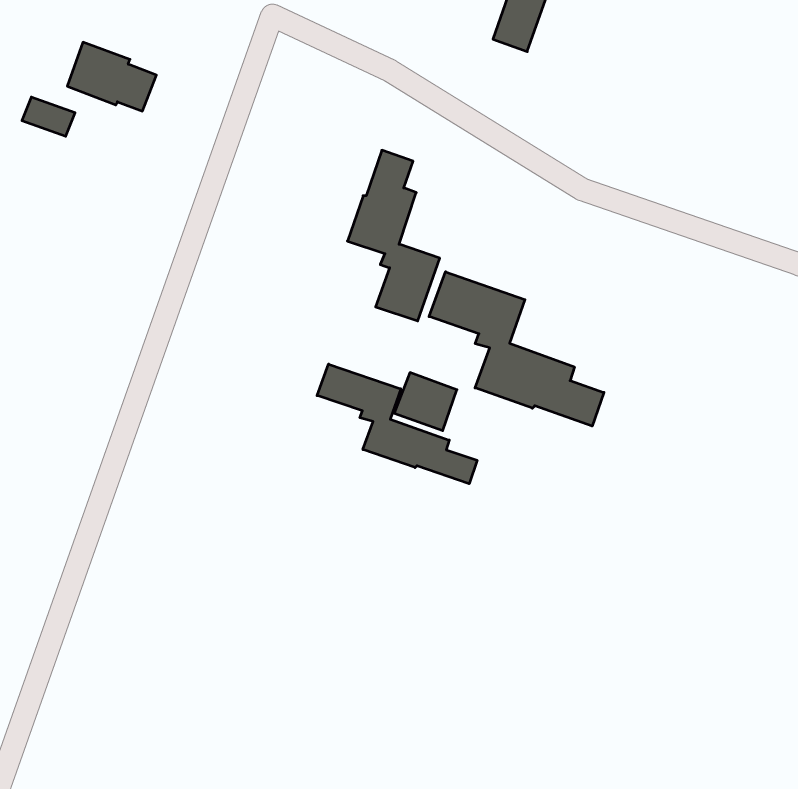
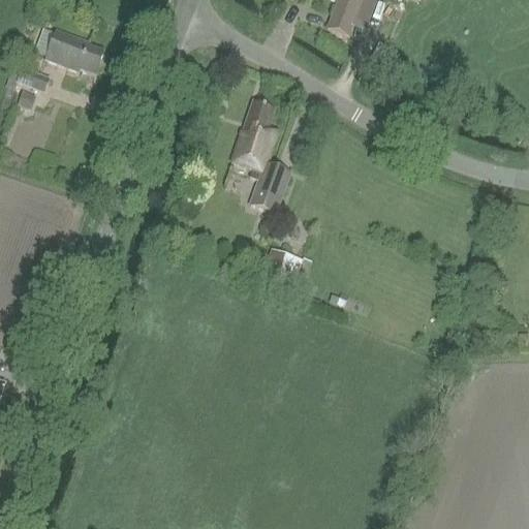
building: [429,272,604,426] -> none
building: [317,364,477,484] -> none

